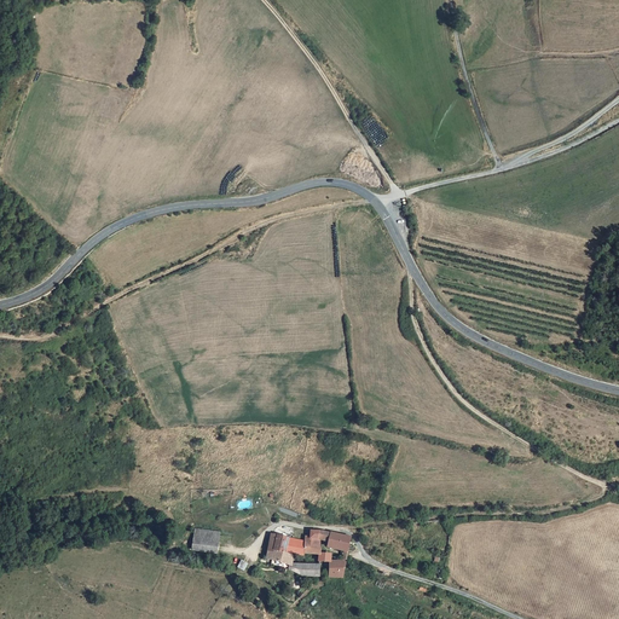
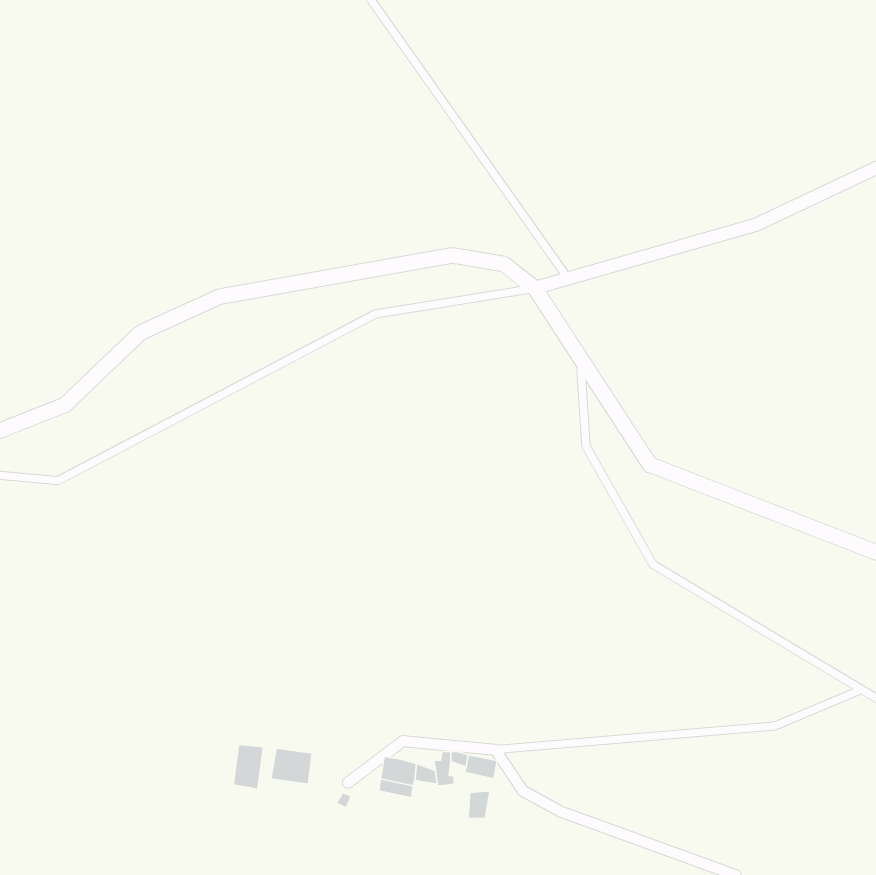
building: none -> [233,744,264,789]

